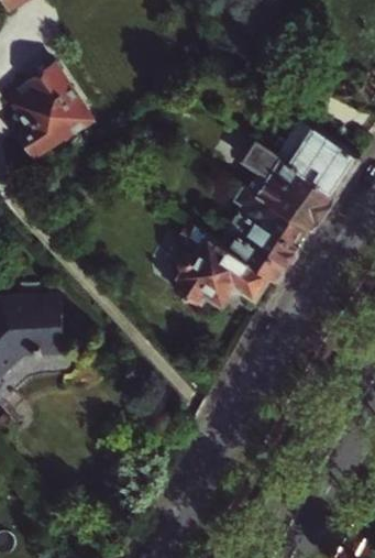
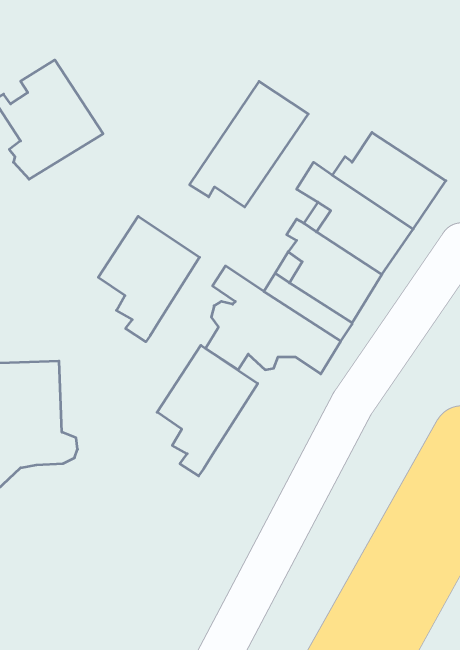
building: none -> [190,81,308,207]
building: none -> [98,216,200,342]
building: none -> [157,345,258,476]

